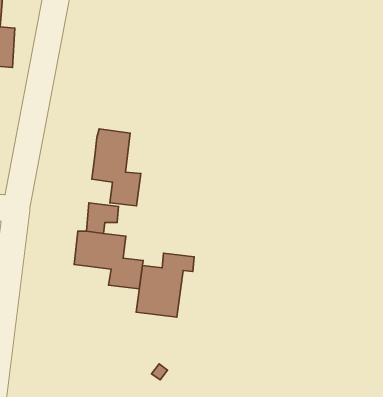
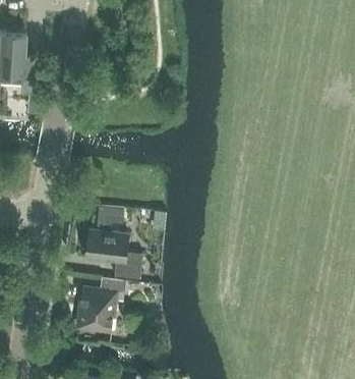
building: [92,129,141,206] -> none
building: [136,253,194,317] -> [77,277,125,330]

